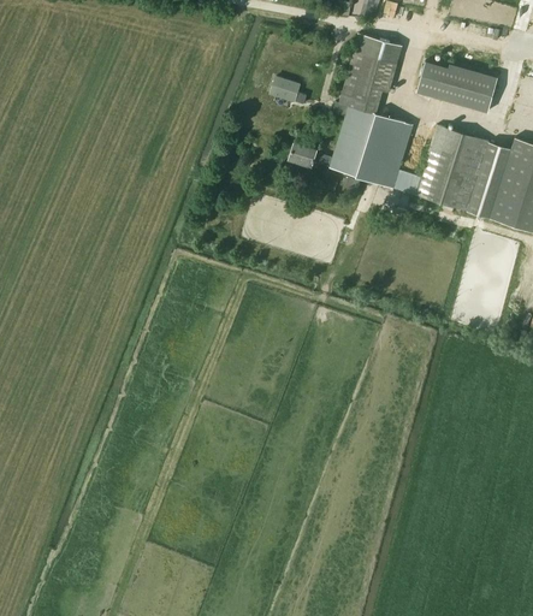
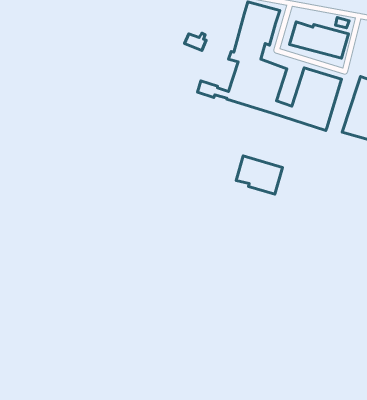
building: [468,142,511,215] -> none
building: none -> [236,156,282,194]

